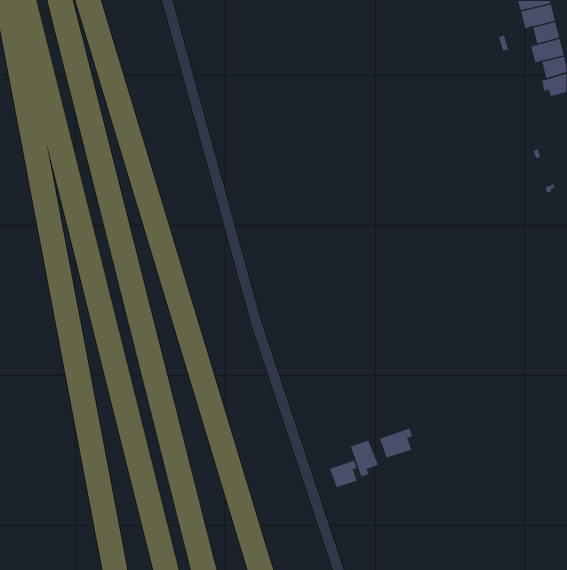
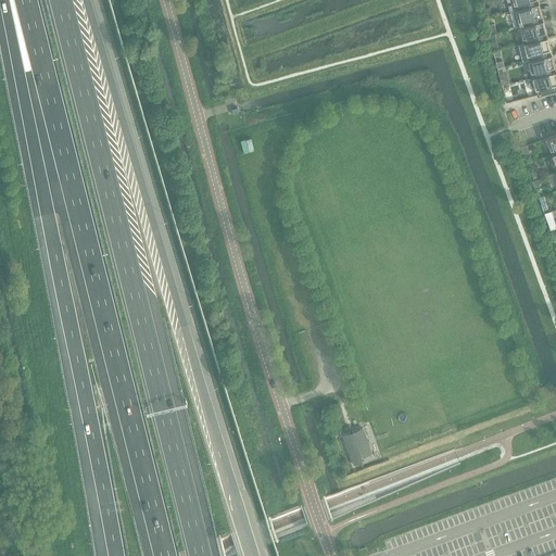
building: [379,427,413,458] -> none
building: [329,459,358,488] -> none

